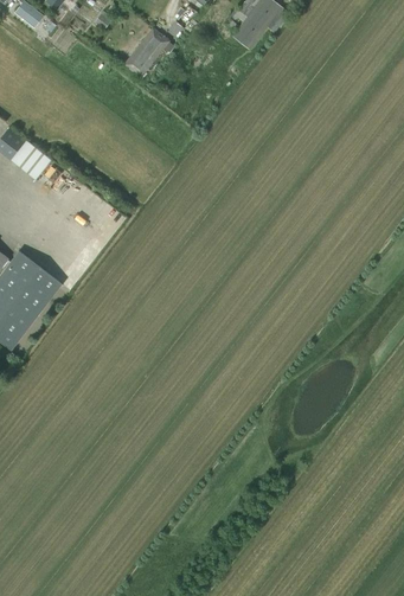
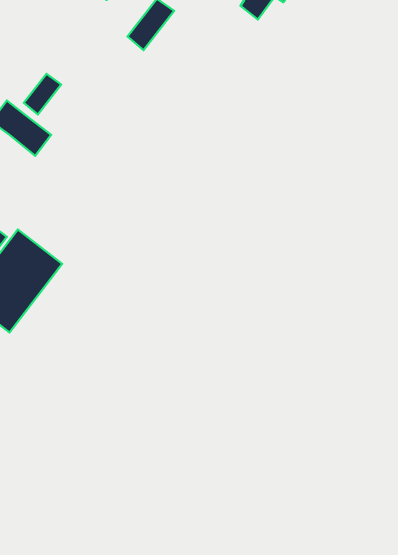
building: none -> [24,74,61,115]

